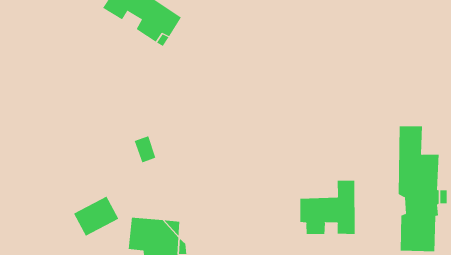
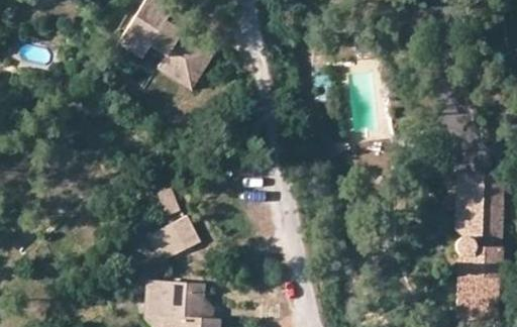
building: [300,180,355,235] -> none
building: [73,196,119,237] -> [148,217,201,263]

